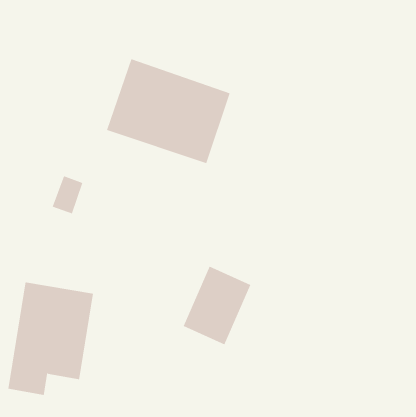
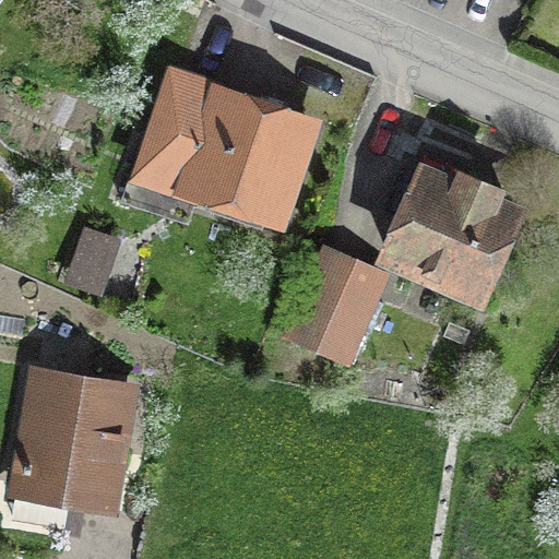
building: none -> [391,173,515,293]
building: [183,266,251,345] -> [294,250,384,355]

